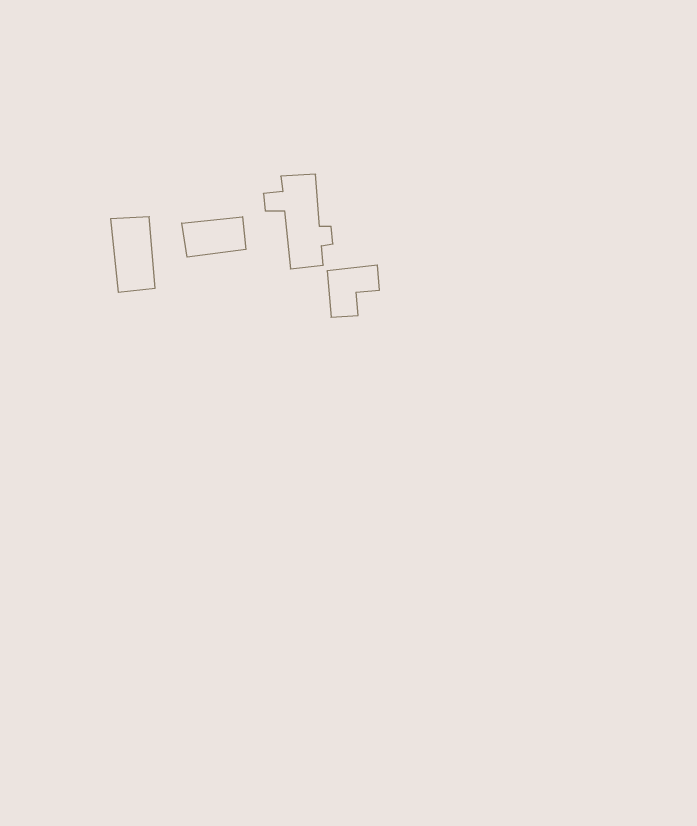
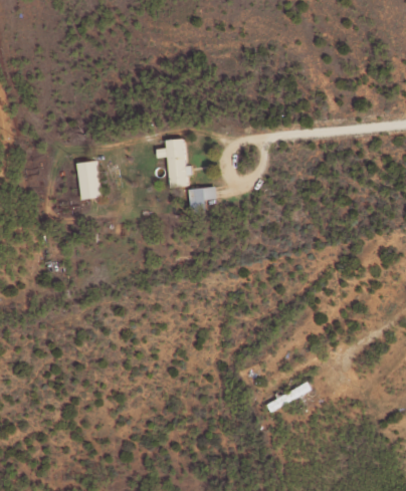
building: [182,217,246,257] -> none

